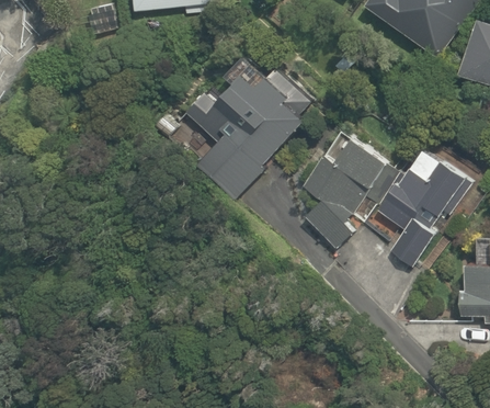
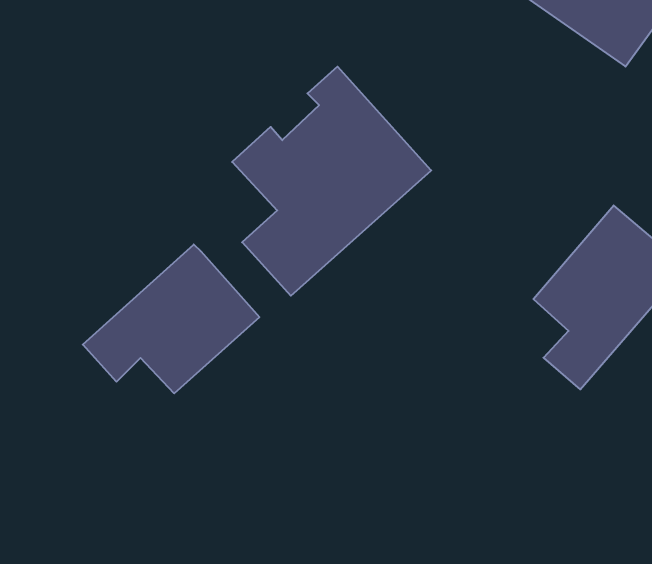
building: [303,128,390,245] -> none
building: none -> [83,244,259,393]

